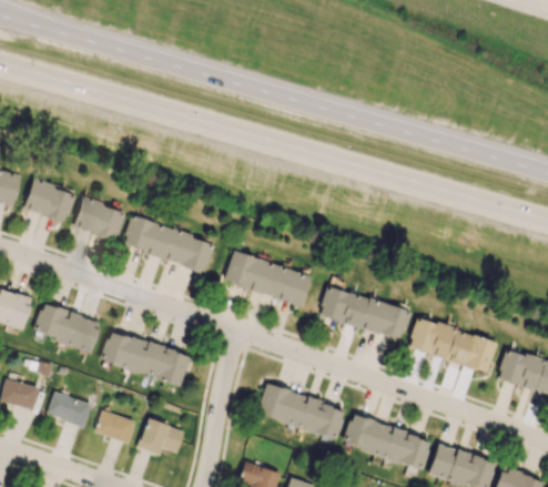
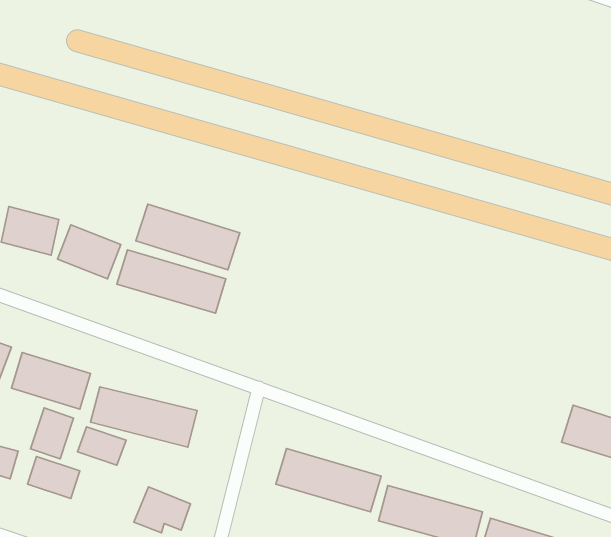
building: [224,251,312,306] -> [136,204,240,270]
building: [319,287,410,339] -> none
building: [409,317,498,372] -> none
building: none -> [31,408,74,459]
building: [95,410,136,443] -> [77,427,126,465]

